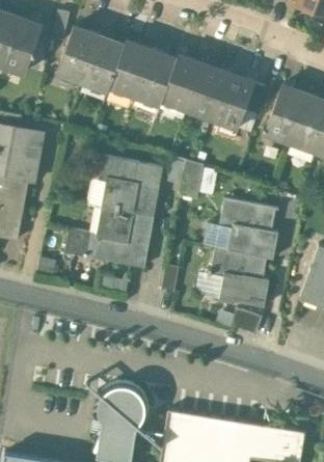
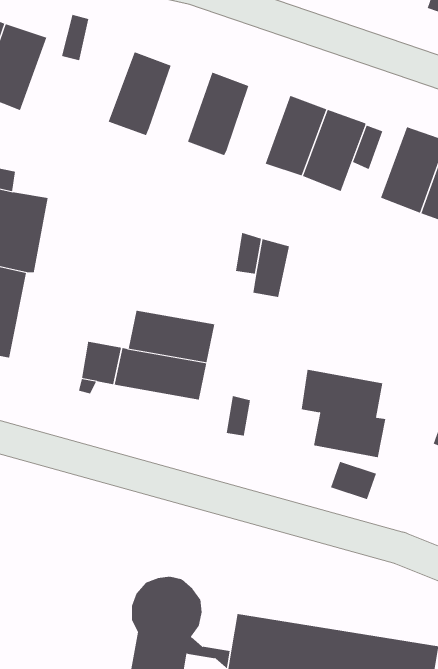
building: [56,26,100,82] -> none
building: [110,39,152,96] -> none
building: [162,55,204,110] -> none
building: [101,156,163,217] -> none
building: [203,198,277,257] -> none

